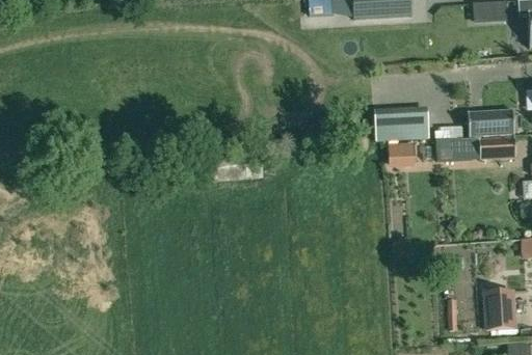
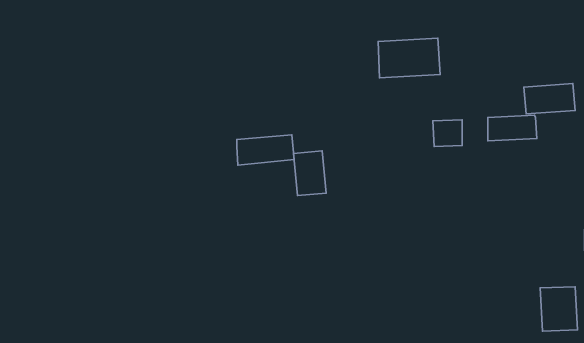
building: [374,106,429,141] -> [378,38,440,78]
building: [479,137,515,158] -> none
building: none -> [293,151,326,195]

